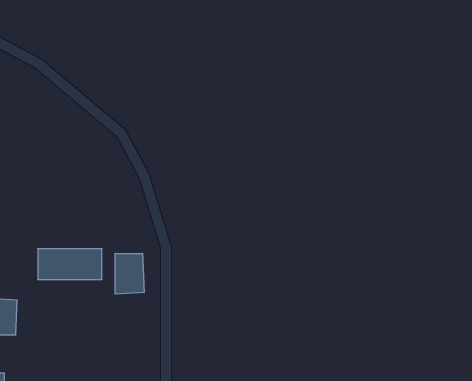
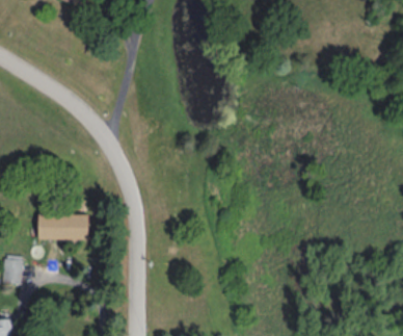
building: [115,253,144,294] -> none

